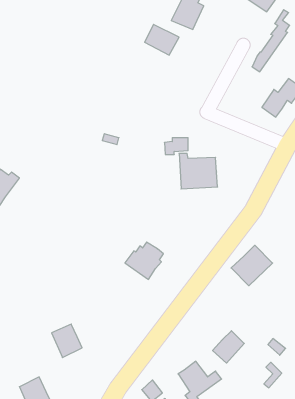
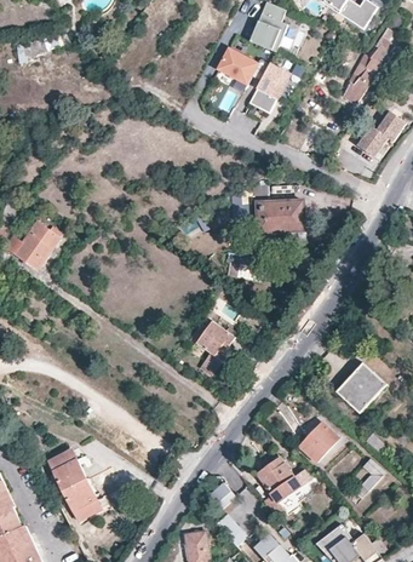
building: none -> [252,62,289,108]
building: [231,245,273,286] -> [333,363,384,413]
building: [52,324,82,358] -> [47,449,85,491]

